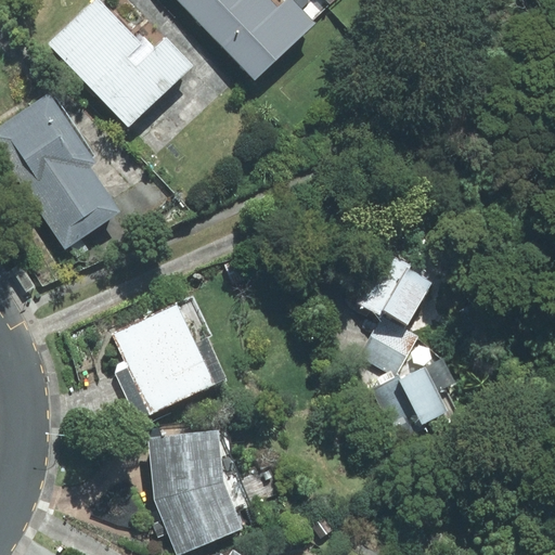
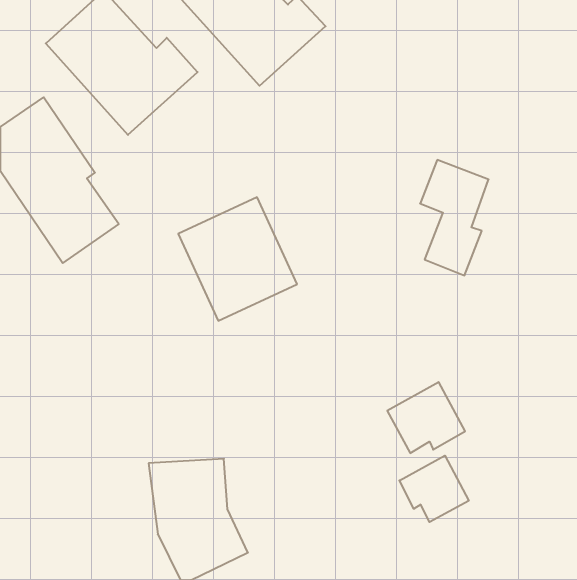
building: [360,263,425,373] -> [420,160,489,275]
building: [113,296,225,413] -> [178,197,297,321]
building: none -> [399,456,469,522]

